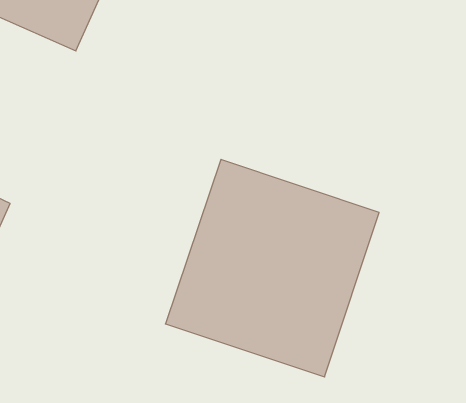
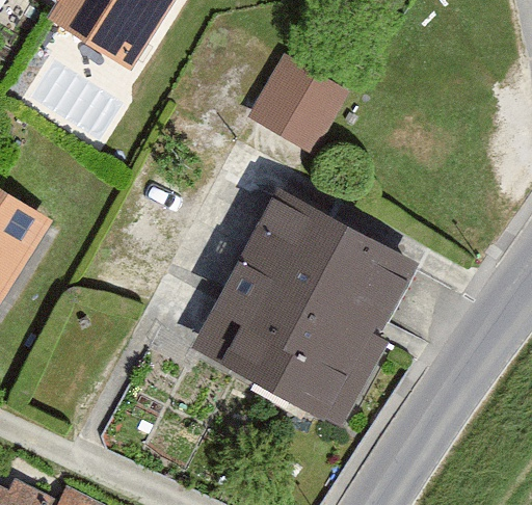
building: none -> [252,45,358,150]

